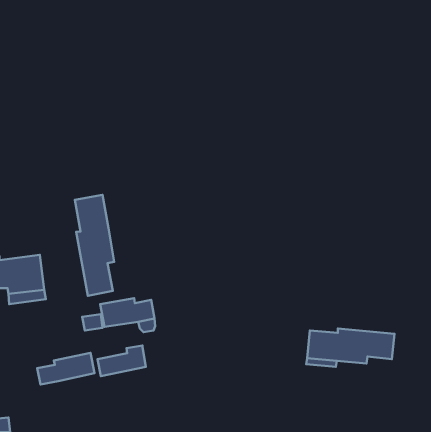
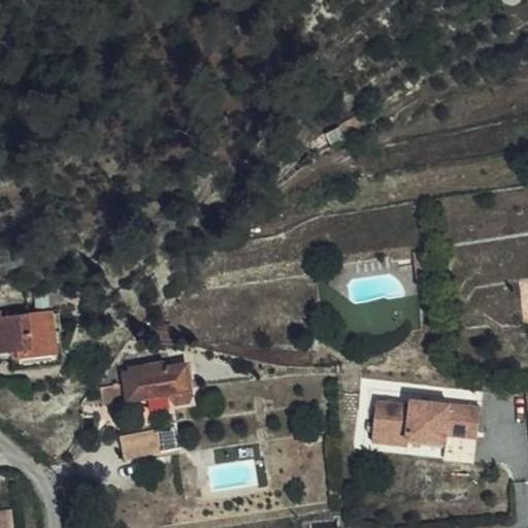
building: [75,195,114,296] -> none
building: [37,353,95,384] -> none

